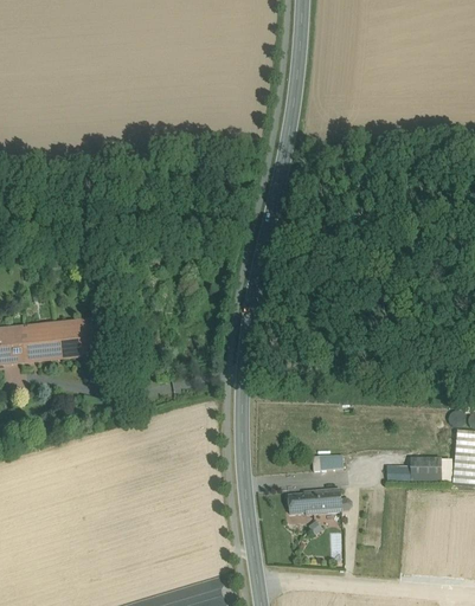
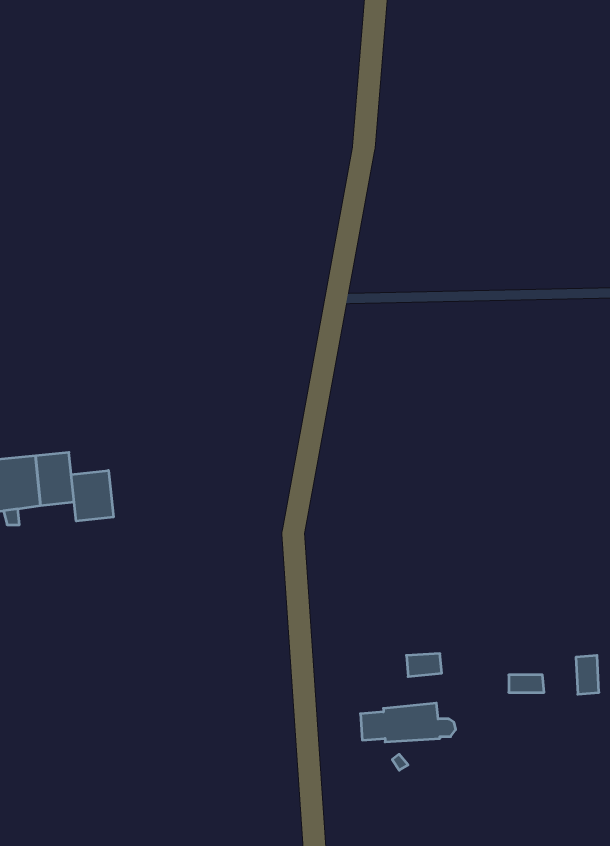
building: none -> [71,470,113,521]
building: [404,457,428,482] -> none

